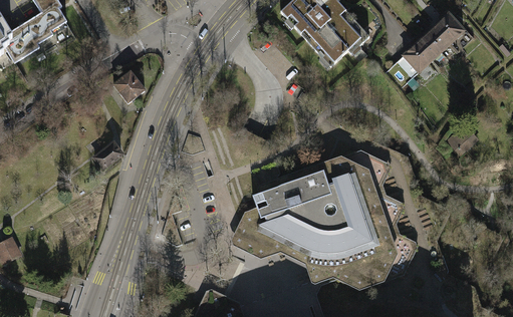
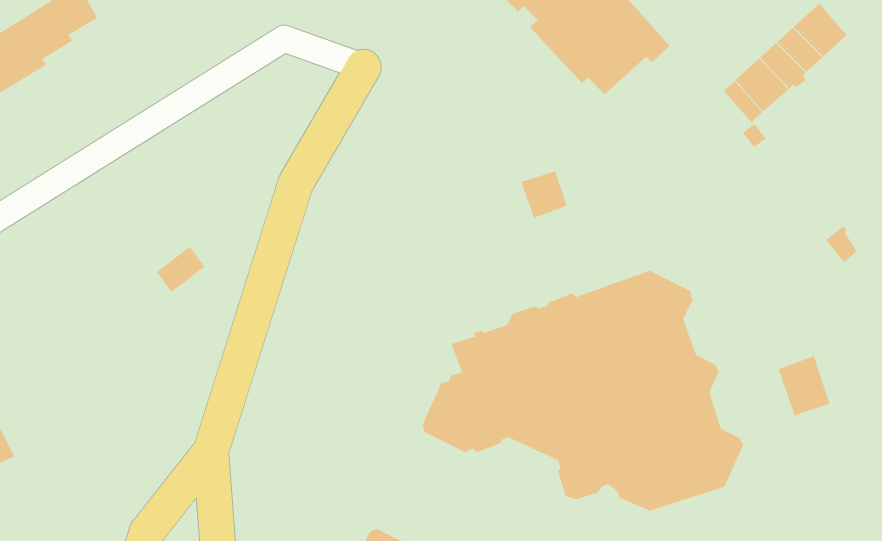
building: [113,71,146,102] -> none
building: none -> [521,170,567,218]
building: none -> [778,355,830,416]

